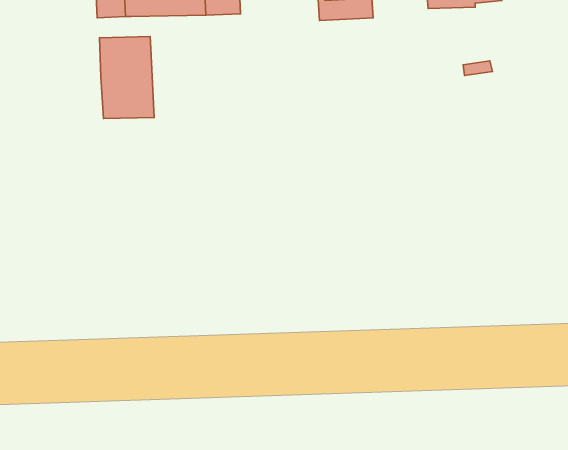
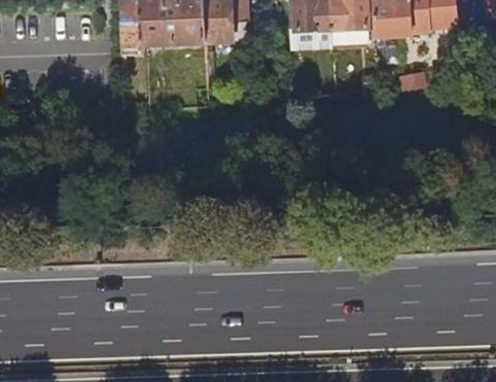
building: [99,37,154,119] -> none

